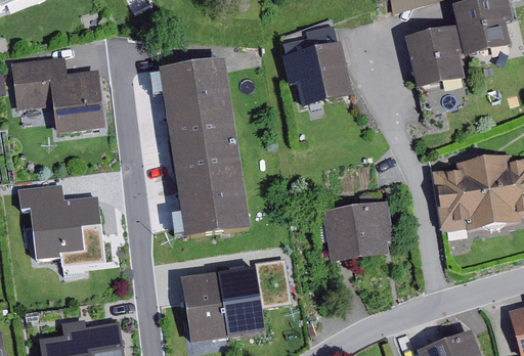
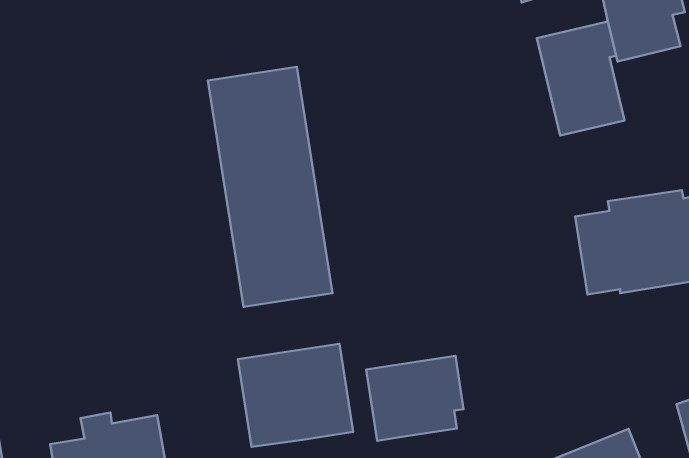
building: [280,15,352,106] -> none
building: [10,53,105,133] -> none
building: [17,181,100,258] -> none
building: [321,201,394,264] -> [366,356,464,441]

